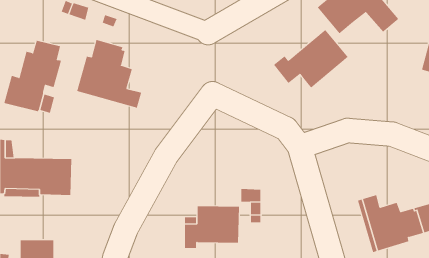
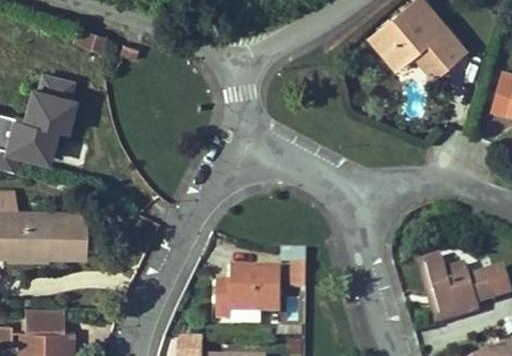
building: [273,29,349,88] -> none
building: [76,39,142,109] -> none

